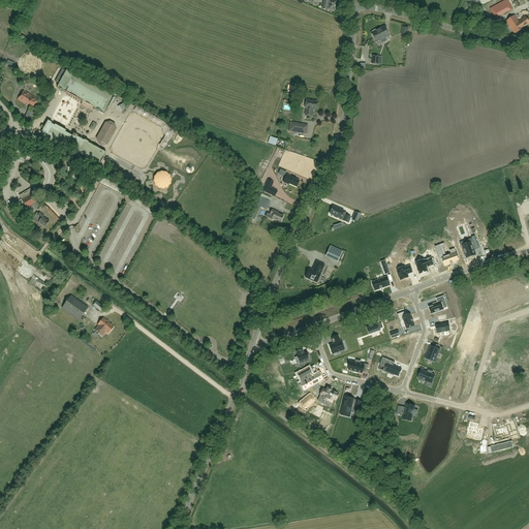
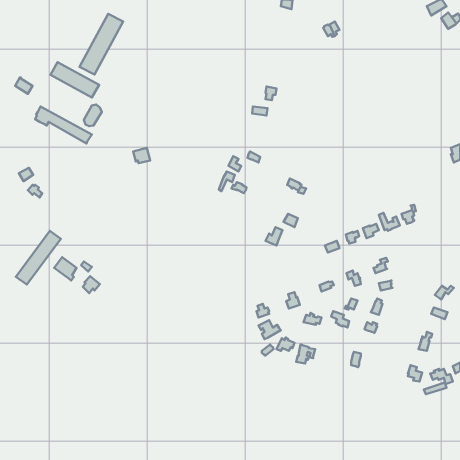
building: none -> [79,14,123,74]
building: none -> [16,231,61,285]

